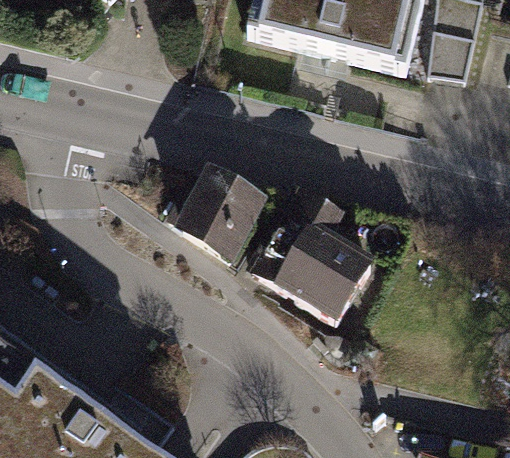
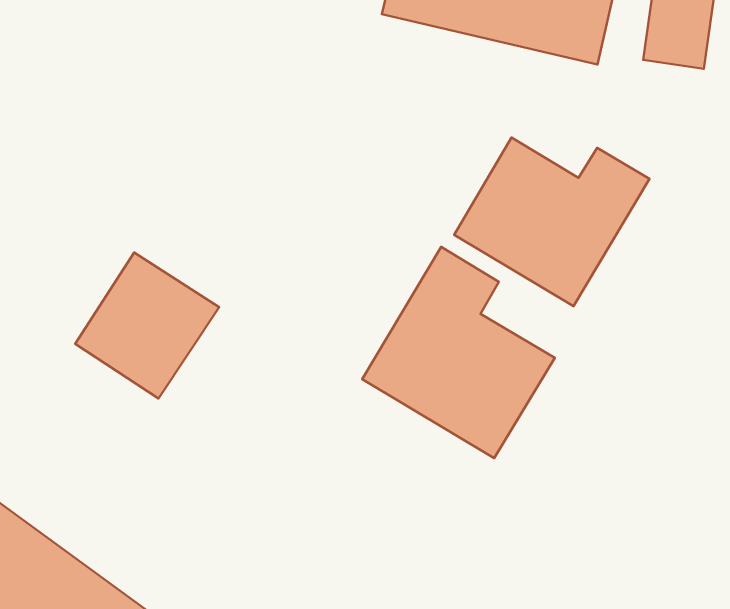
building: none -> [454,137,650,306]
building: [173,164,268,260] -> [75,253,219,398]

